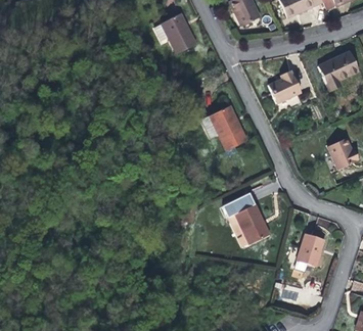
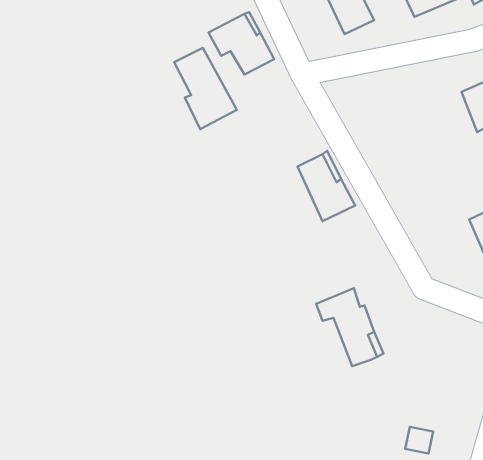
building: none -> [174,48,237,129]
building: [270,72,302,103] -> none
building: [296,232,325,269] -> none

